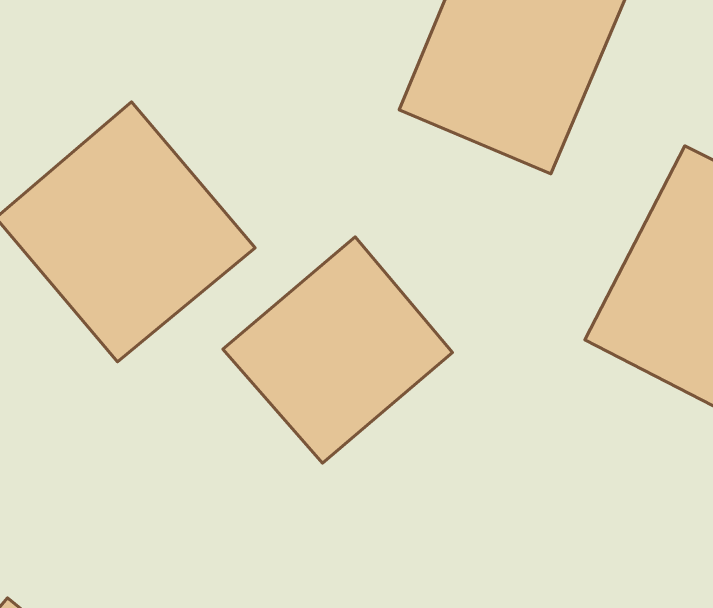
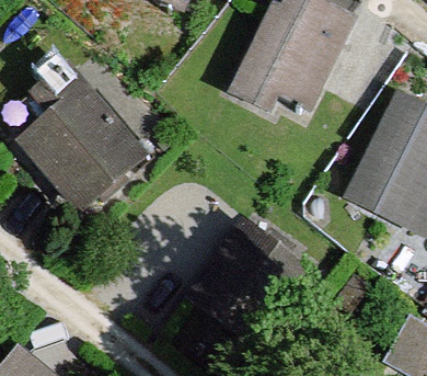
building: [223,237,453,463] -> none

